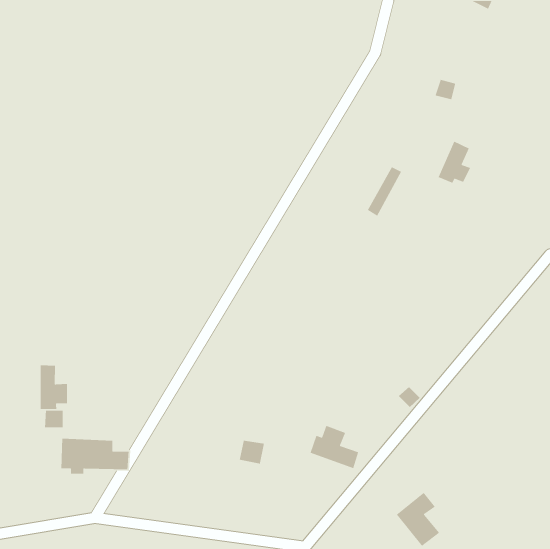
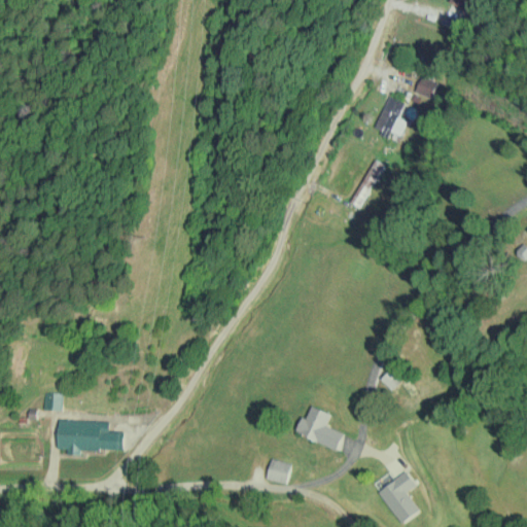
building: [438,141,471,184] -> [374,96,406,137]
building: [40,364,68,410] -> none
building: [239,440,265,465] -> [266,460,290,484]

